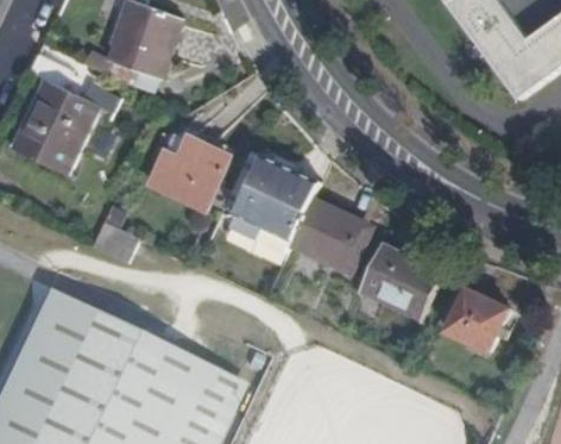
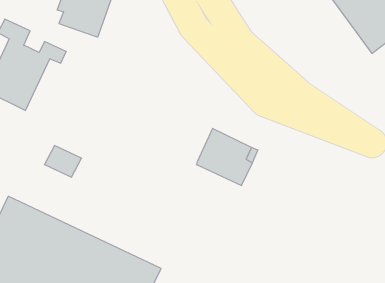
building: [151,125,235,213] -> none
building: [237,157,321,244] -> none
building: [358,239,448,326] -> none
building: [450,292,511,351] -> none

